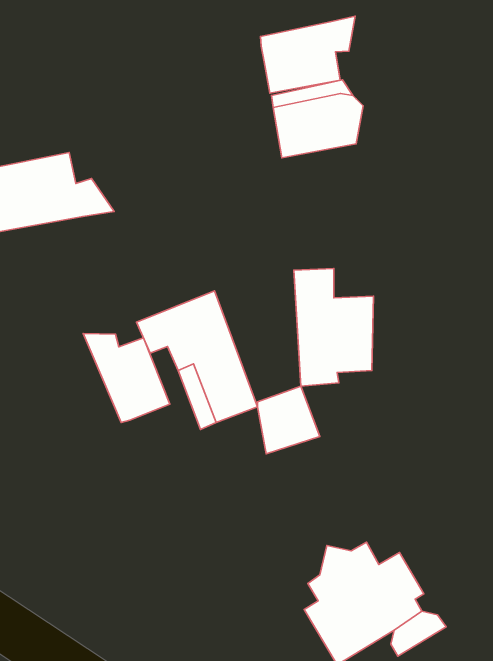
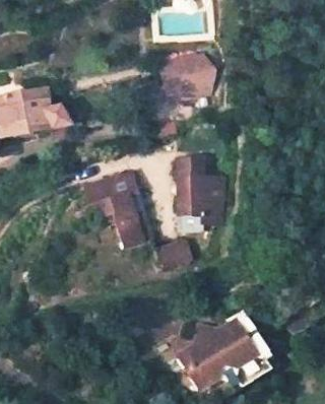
building: [261,16,355,93] -> none
building: [83,333,170,423] -> none

